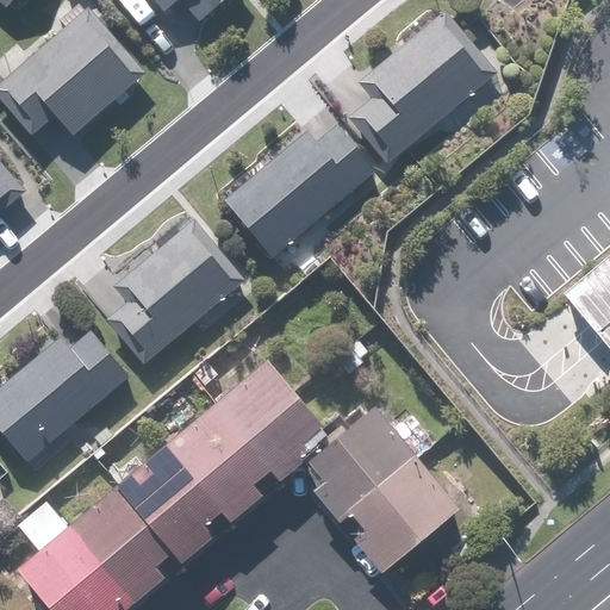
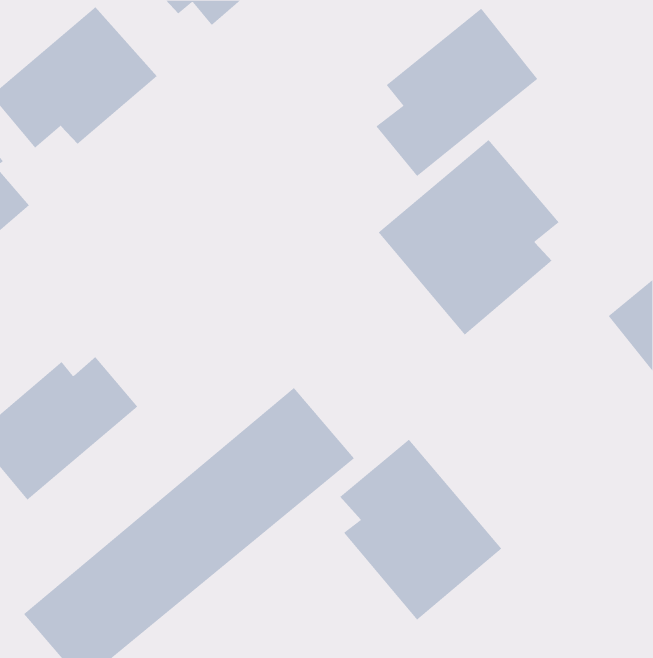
building: [223,126,373,256] -> none
building: none -> [378,139,560,336]
building: [105,223,239,366] -> none

